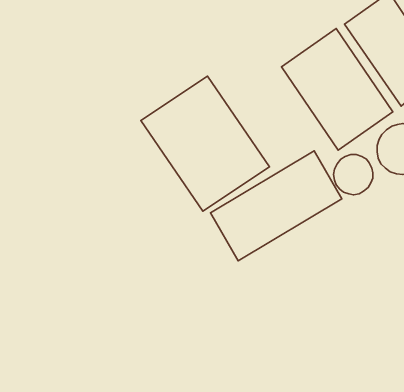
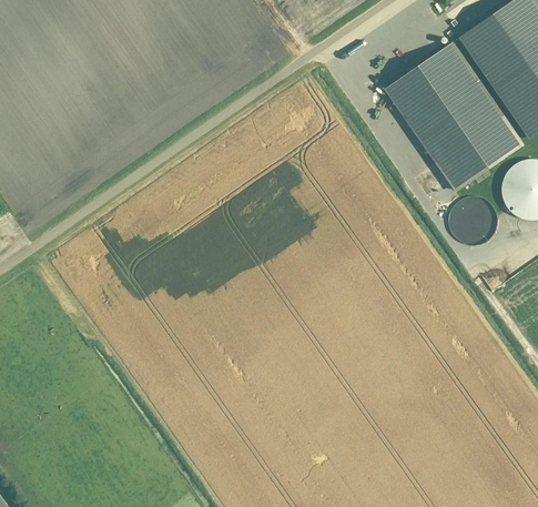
building: [141,76,269,211] -> none
building: [211,151,342,261] -> none

